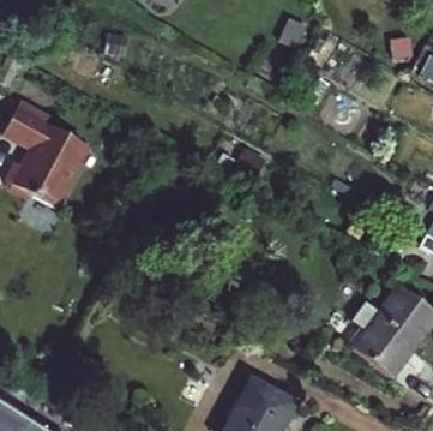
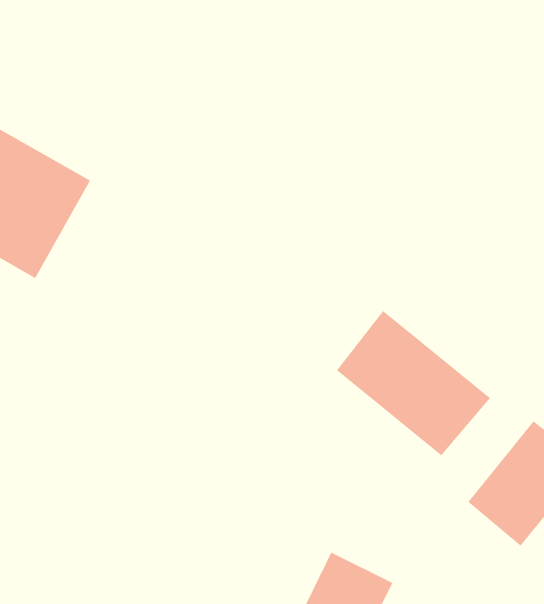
building: none -> [336,310,491,456]

